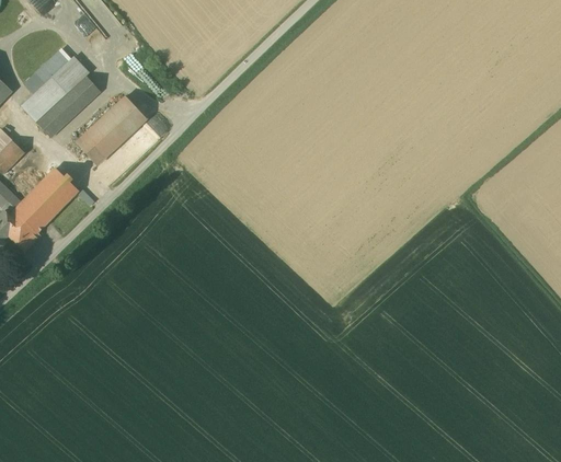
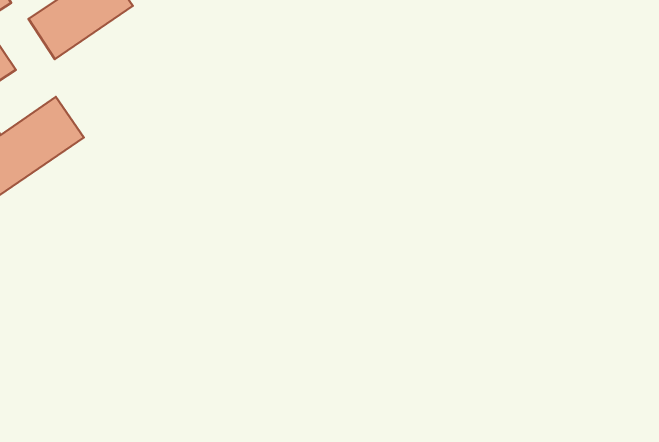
building: [75,95,142,162] -> none

